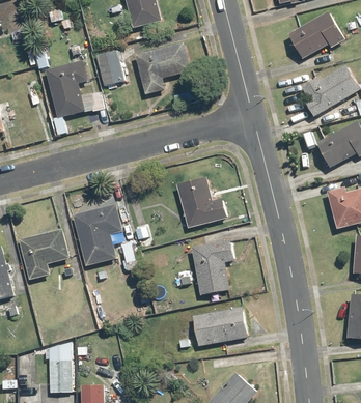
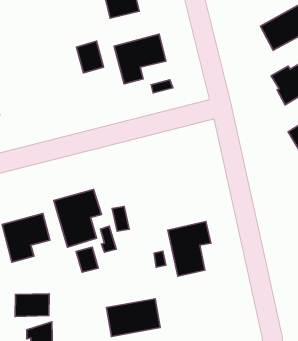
building: [46,61,102,117] -> none
building: [175,177,228,229] -> none
building: none -> [76,247,98,272]
building: [192,306,248,345] -> [106,299,160,337]
building: none -> [15,294,49,316]

